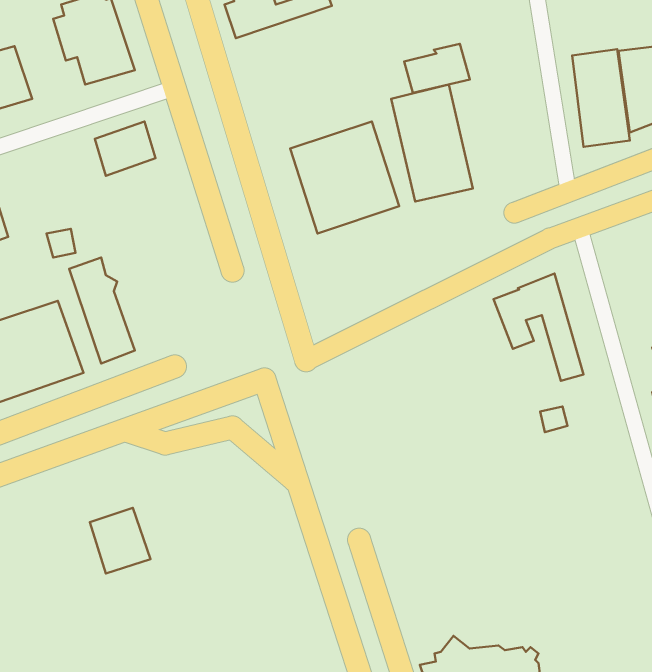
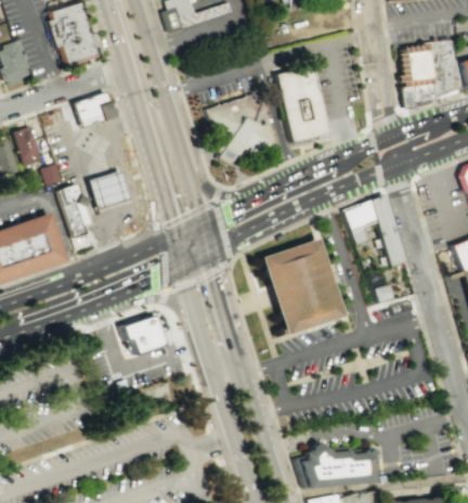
building: [404,44,470,93] -> none
building: none -> [16,126,42,165]
building: none -> [89,169,131,209]
building: none -> [262,237,342,334]
building: [90,508,151,574] -> [124,314,165,359]

